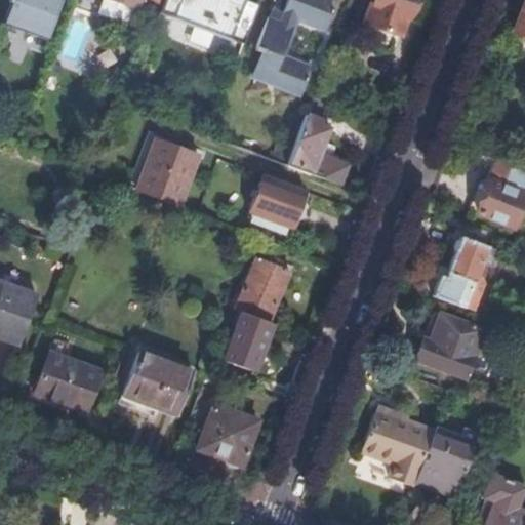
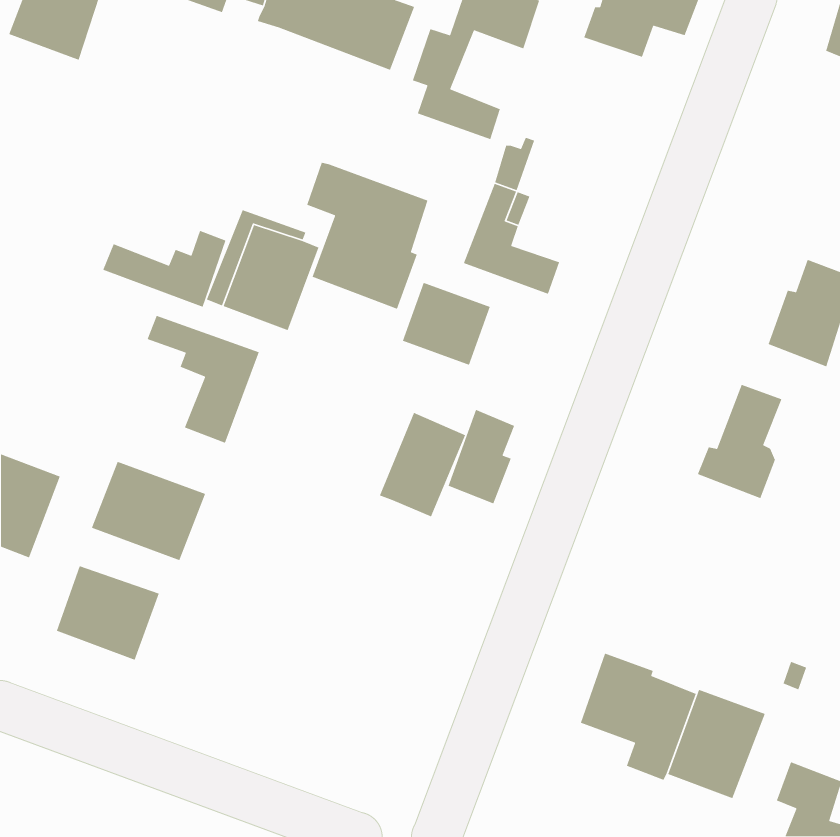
building: none -> [306,162,429,310]
building: none -> [102,230,226,308]
building: none -> [147,315,260,444]
building: [416,311,484,377] -> none
building: [228,312,270,371] -> [448,409,515,504]
building: [123,353,195,415] -> [91,461,206,561]
building: [200,404,260,463] -> none

